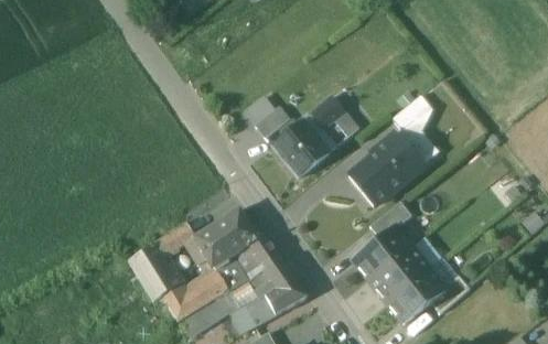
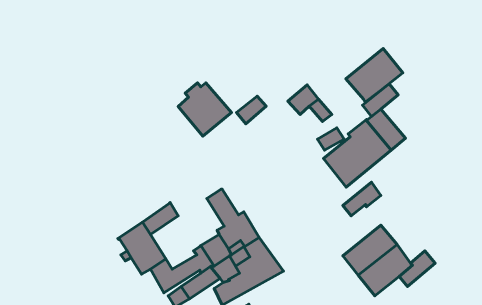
building: none -> [346,48,403,102]
building: [272,120,330,178] -> [178,83,231,136]
building: [193,218,243,270] -> none
building: [353,225,411,280] -> none

